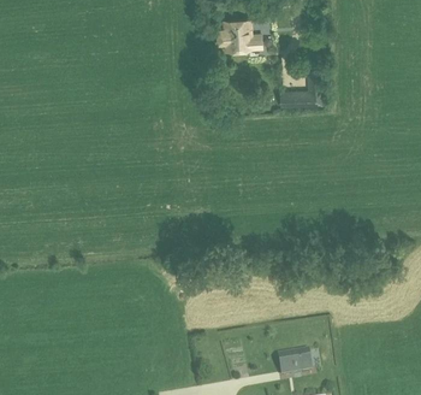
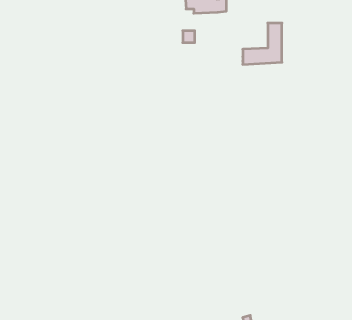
building: [278,348,310,372] -> none

